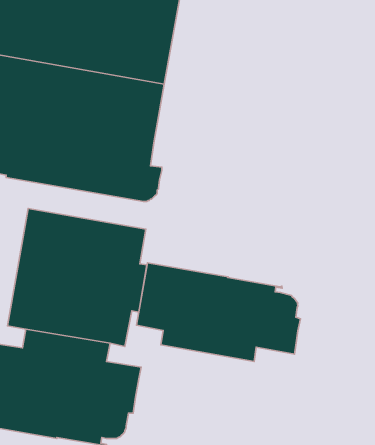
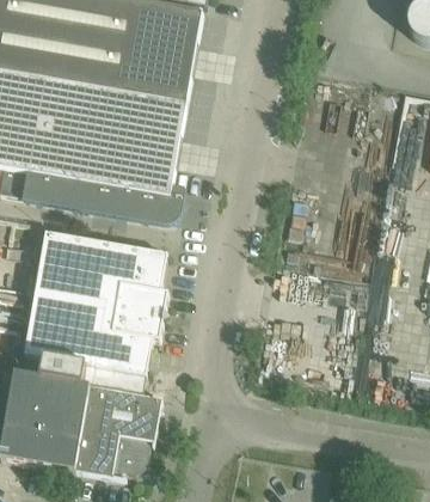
building: [136,263,301,361] -> none

